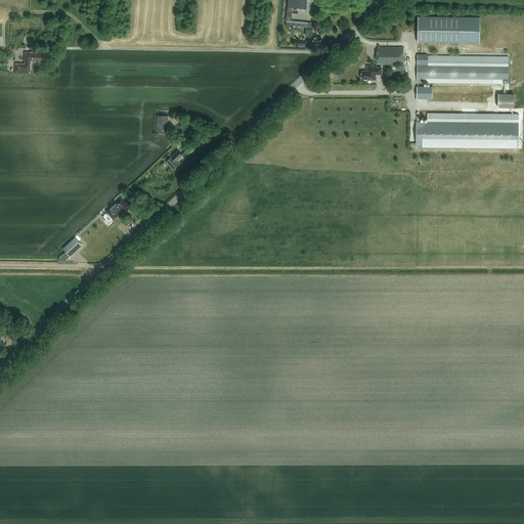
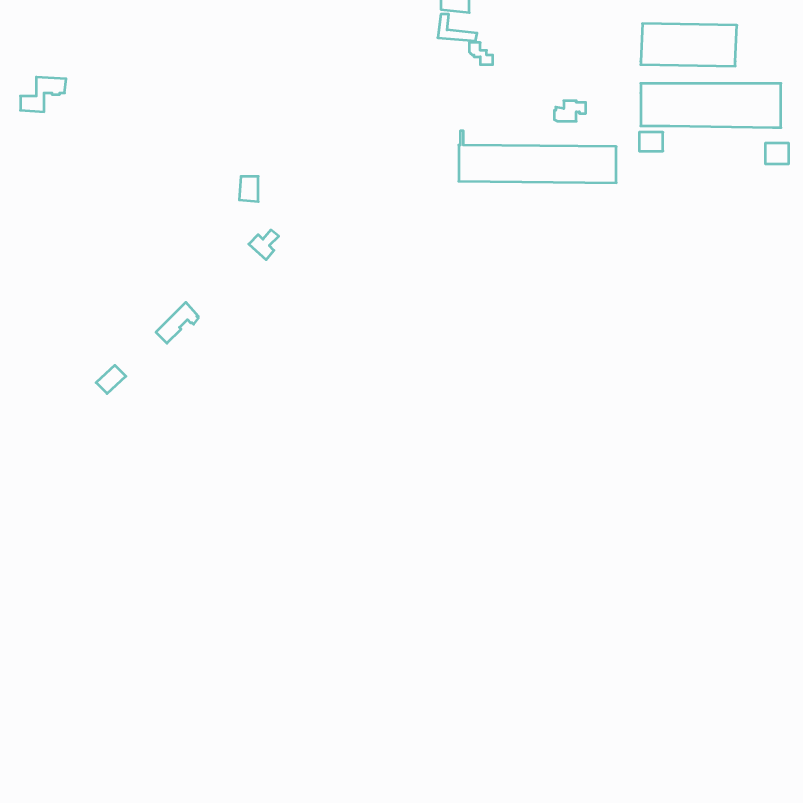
building: [377,46,402,64] -> none
building: [416,112,518,145] -> [459,131,616,183]

